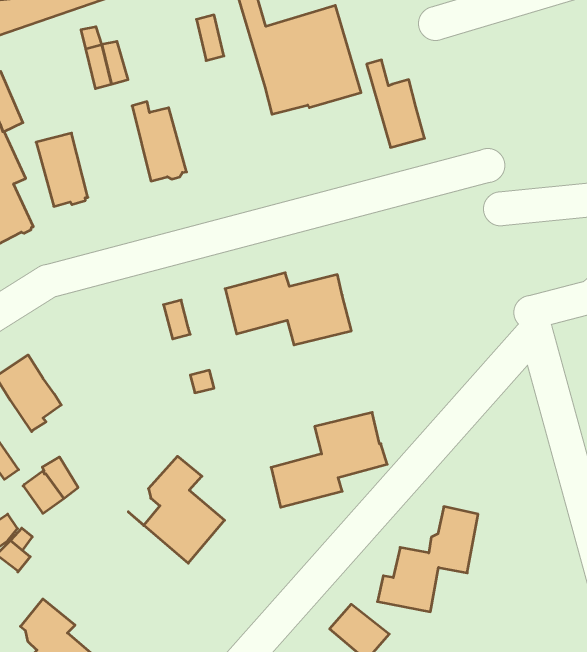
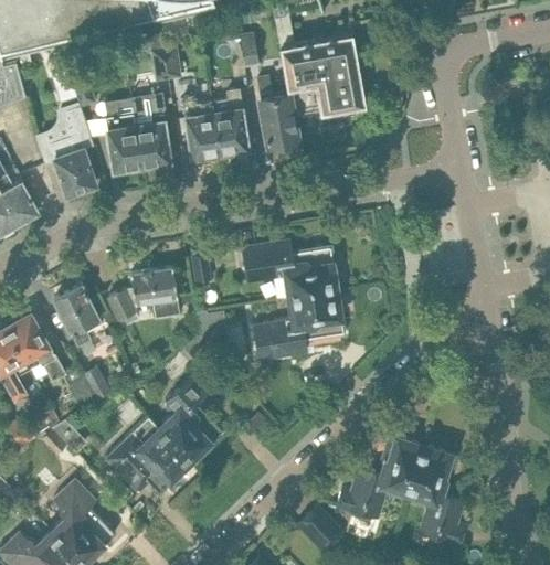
building: [367,60,425,147] -> [256,76,296,146]
building: none -> [211,89,247,156]
building: none -> [130,96,169,168]
building: none -> [108,268,179,326]
building: [271,412,387,507] -> [253,292,345,360]
building: none -> [103,417,190,493]
building: none -> [409,447,465,546]

